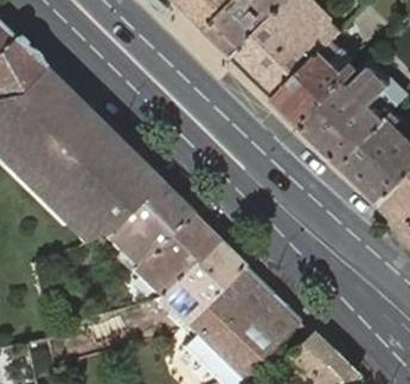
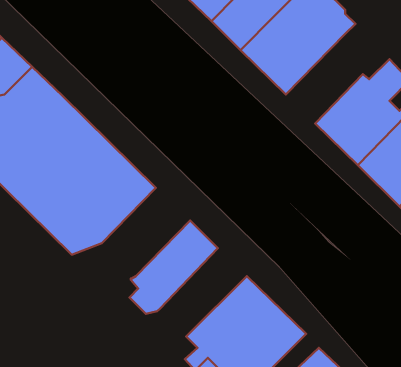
building: [281,37,364,121] -> none
building: [108,181,191,264] -> none
building: [149,238,244,325] -> none

